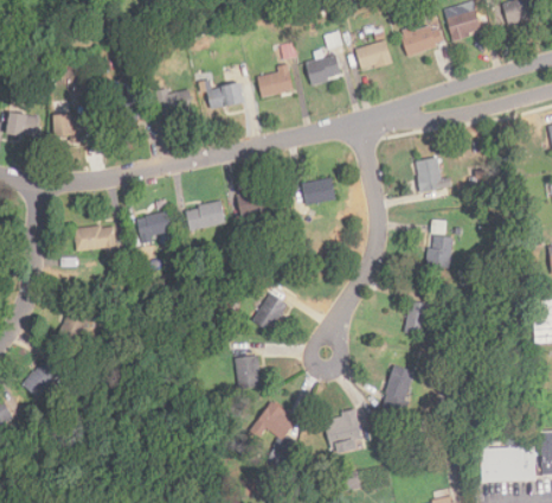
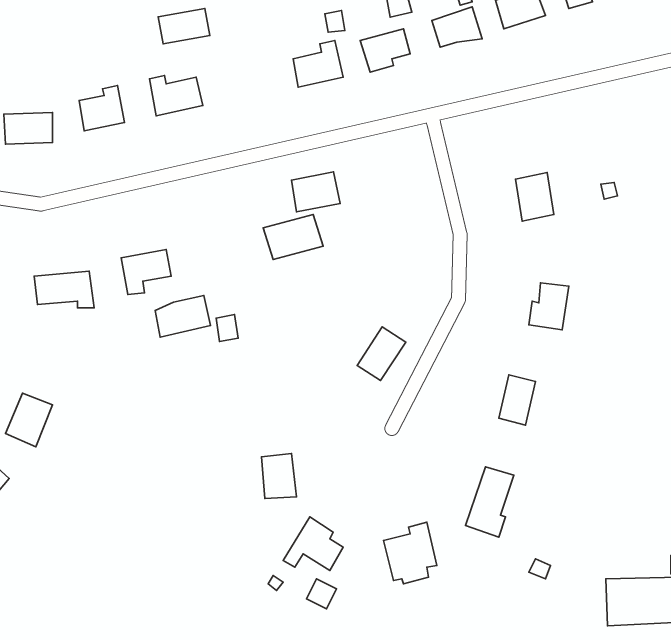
building: [207,83,244,108] -> [158,9,210,44]
building: [302,177,336,205] -> [292,172,340,212]
building: [186,200,225,230] -> [155,295,210,337]
building: [253,293,288,331] -> [357,327,406,380]

